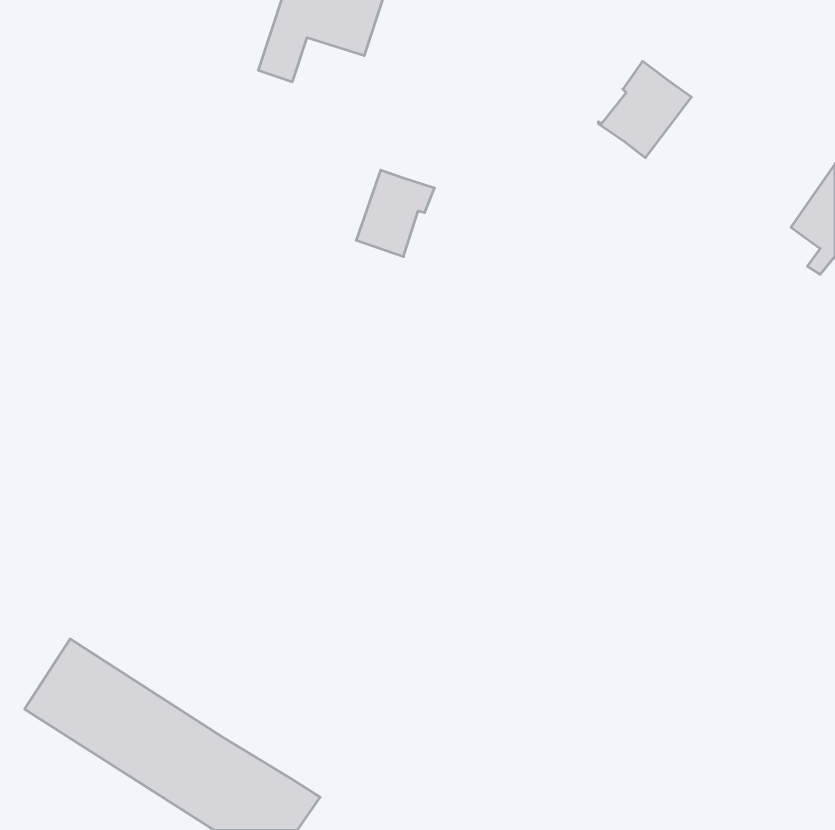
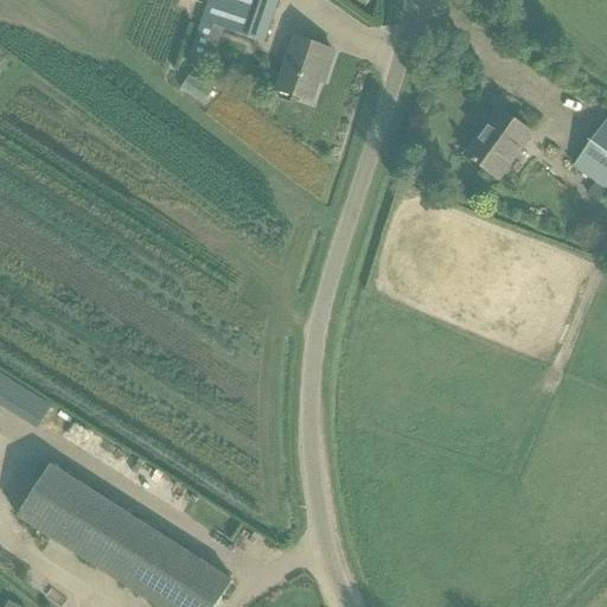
building: [598,61,691,158] -> [466,108,533,178]
building: [356,170,435,257] -> [277,37,334,100]

